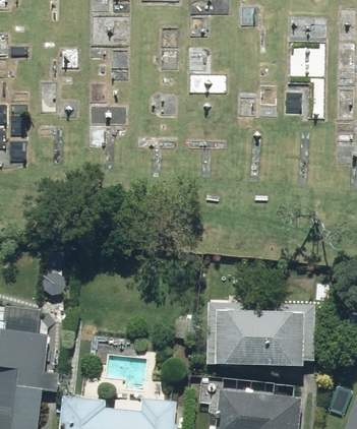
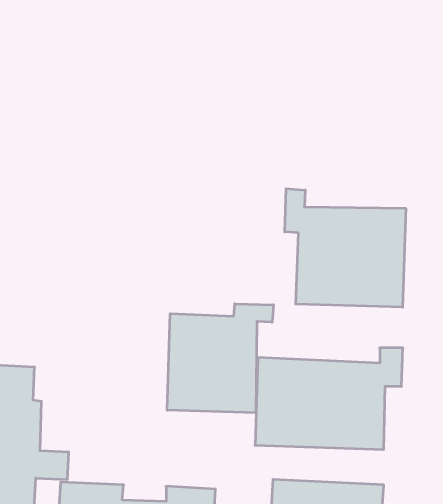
building: none -> [285,189,406,307]
building: none -> [167,304,273,413]

